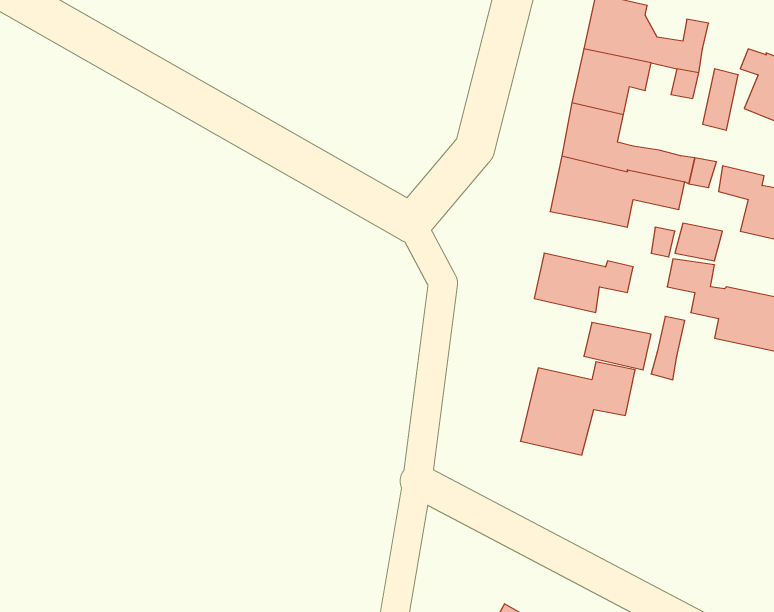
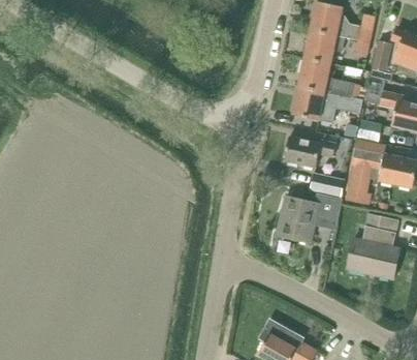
building: none -> [347,213,399,279]

